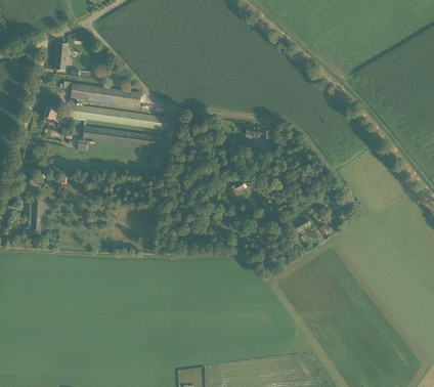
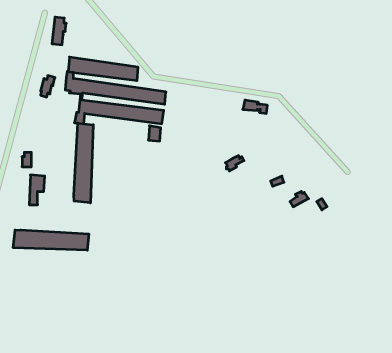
building: none -> [74,123,93,203]
building: none -> [13,230,89,250]

